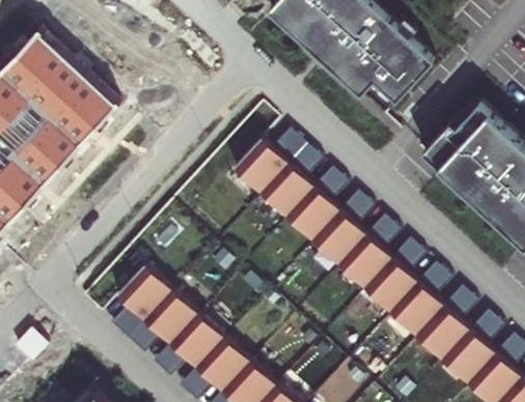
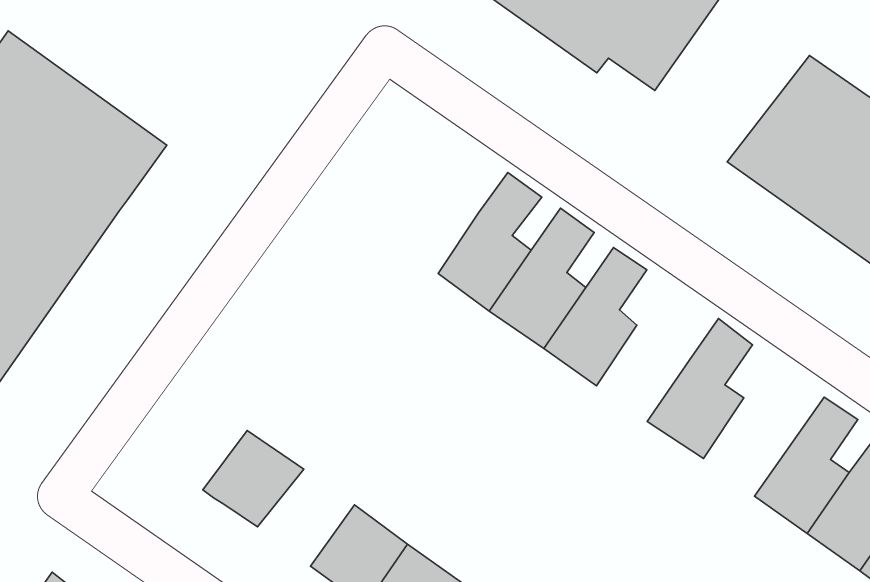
building: [231,128,303,194] -> none
building: [336,216,398,288] -> none
building: [389,262,450,336] -> none
building: [143,290,197,343] -> none

